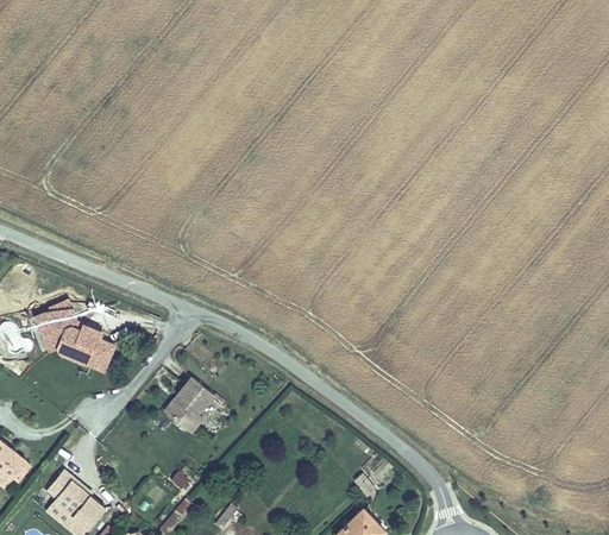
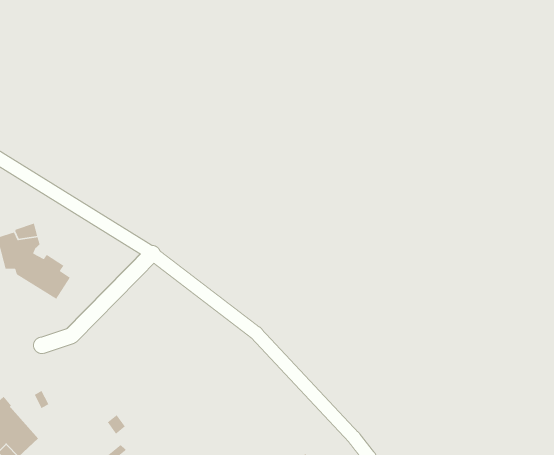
building: [161,376,211,430] -> none

